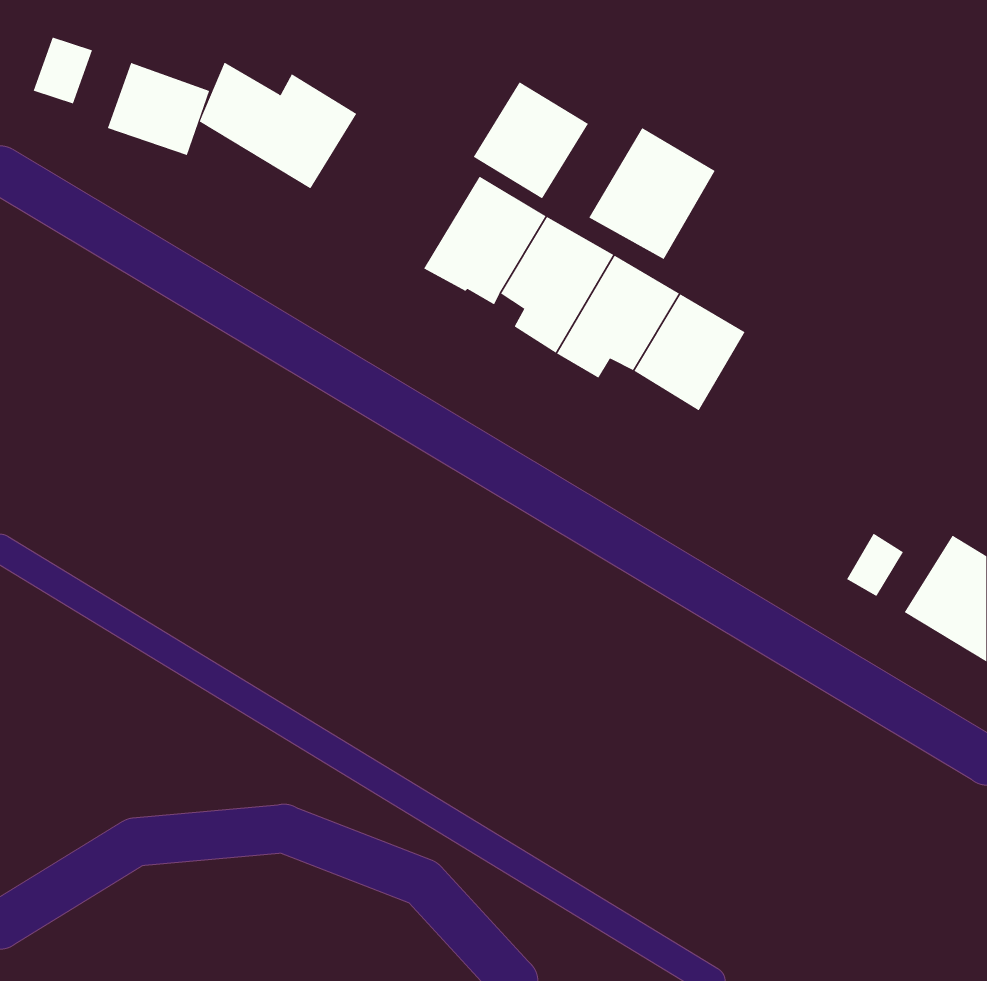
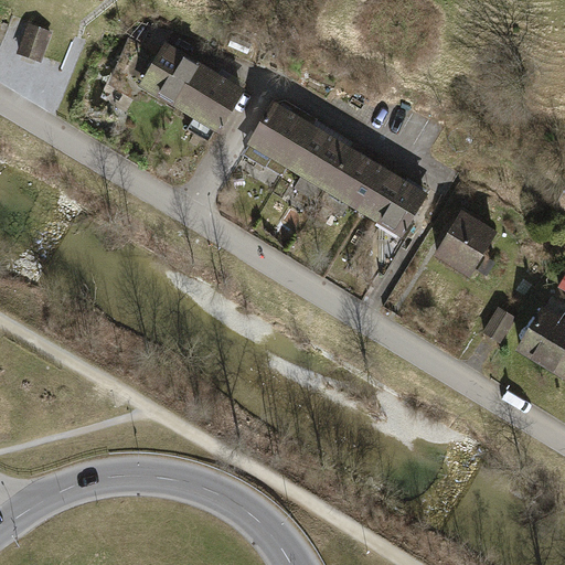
building: [107,62,210,156] -> none
building: [473,81,589,199] -> [178,65,244,132]
building: [589,127,715,260] -> none
building: none -> [436,210,499,277]

